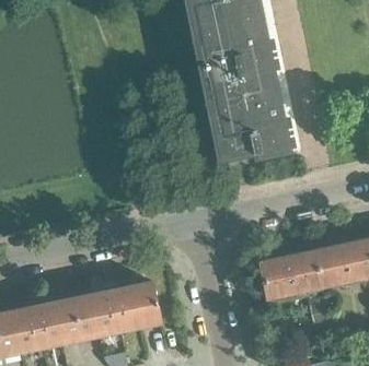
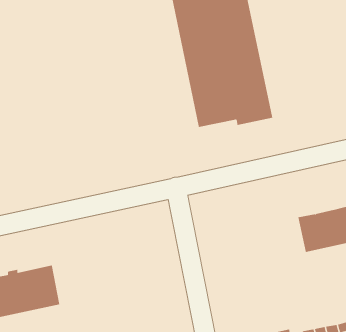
building: [262,250,324,297] -> none
building: [73,281,161,337] -> none

